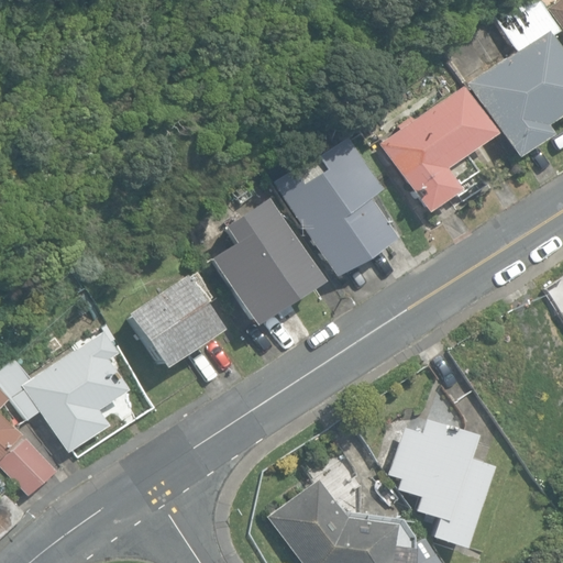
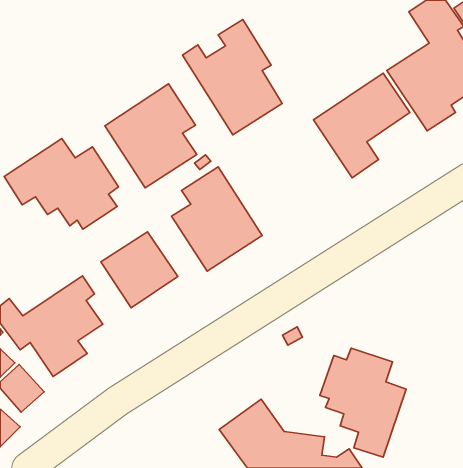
building: none -> [105,84,197,188]
building: [276,139,396,277] -> [182,19,282,135]
building: none -> [4,138,119,229]

